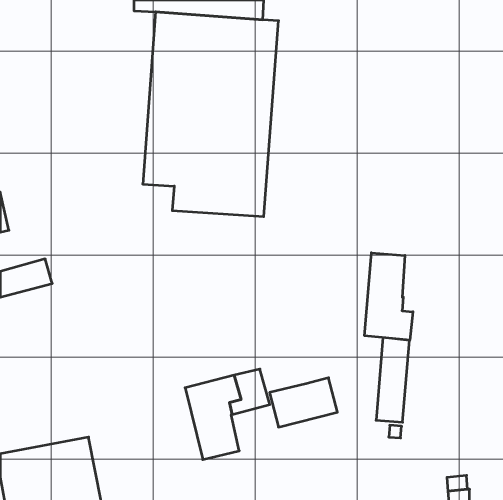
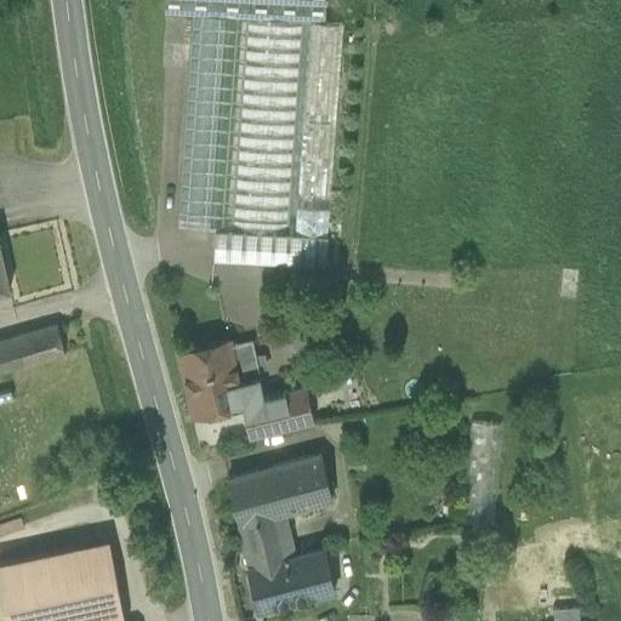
building: [365,253,413,340] -> none
building: none -> [178,342,313,440]
building: [270,378,337,427] -> [250,552,334,613]

